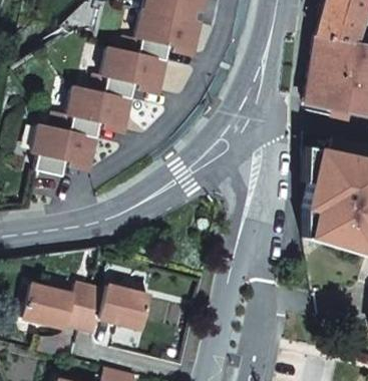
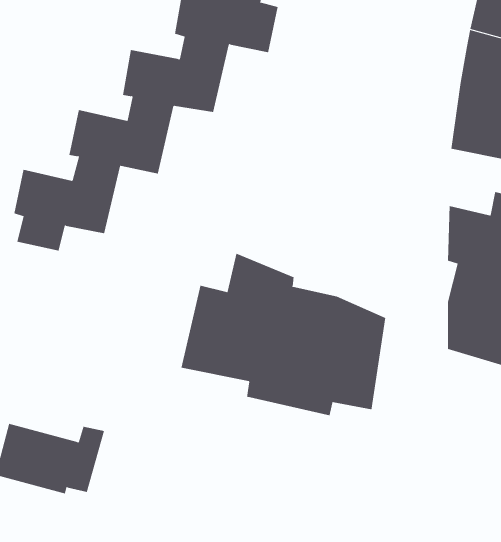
building: none -> [181,253,386,416]
building: [80,288,149,334] -> none

